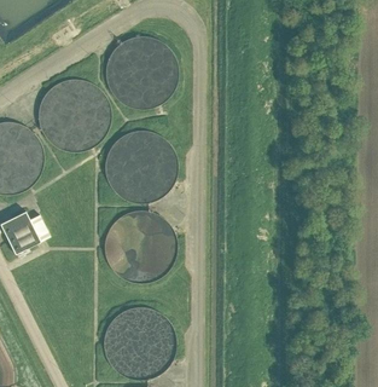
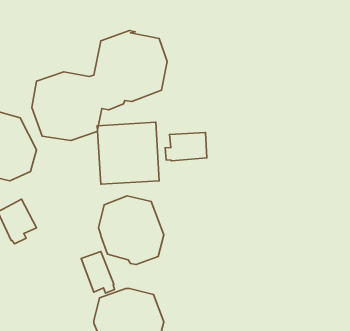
building: none -> [165,133,207,161]
building: none -> [81,251,115,293]

